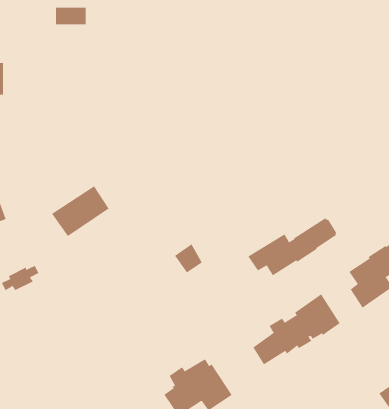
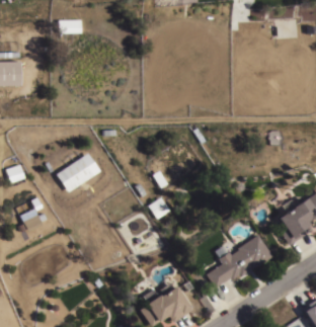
building: [248,218,337,276] -> none

